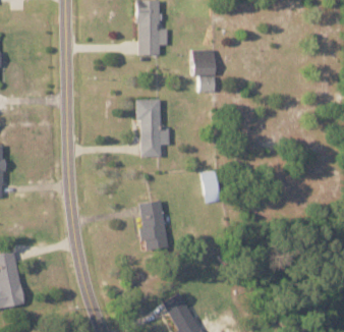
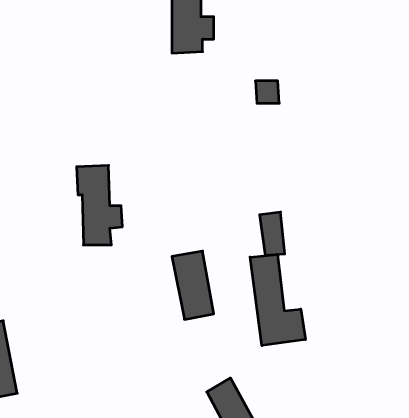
building: [192,50,215,75] -> none
building: [136,99,170,157] -> [77,165,122,245]
building: none -> [250,254,305,346]

